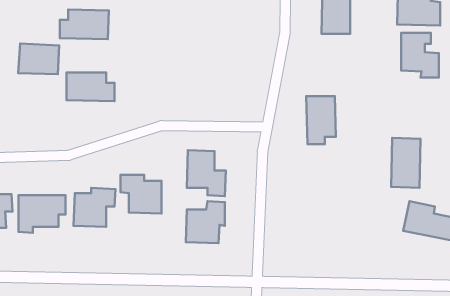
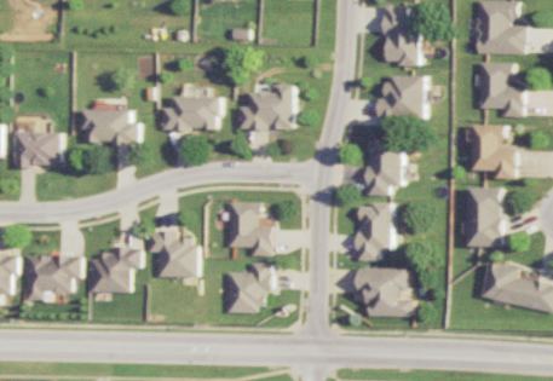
building: [60,10,109,39] -> [162,96,220,131]
building: none -> [378,75,426,123]
building: [18,44,59,74] -> [13,131,62,167]
building: none -> [240,85,294,129]
building: none -> [472,125,517,179]
building: none -> [357,203,392,261]
building: none -> [356,269,414,317]

